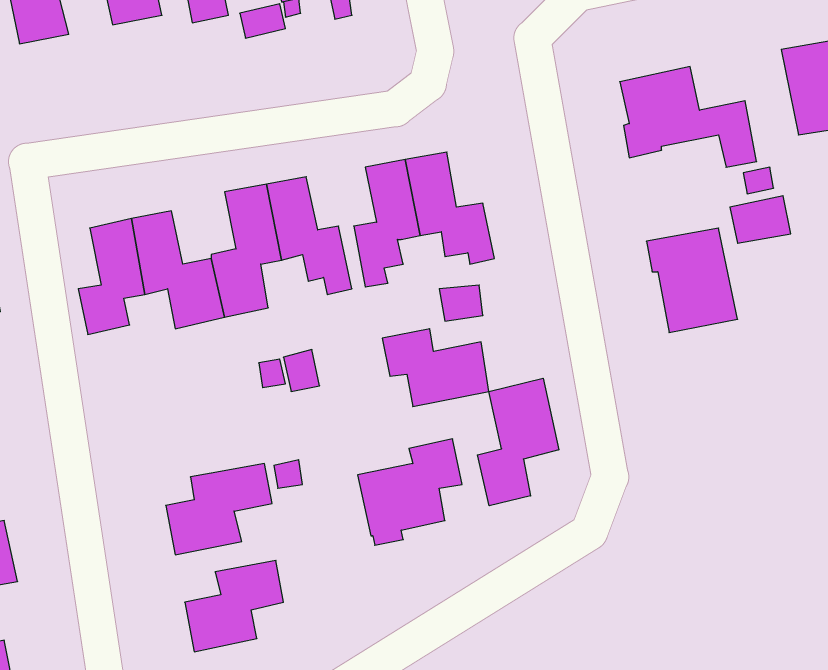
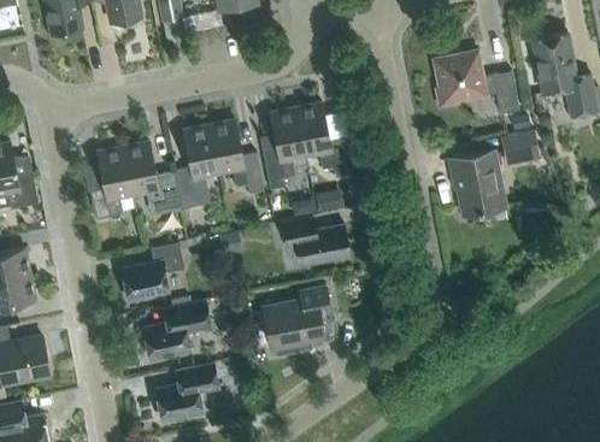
building: none -> [120,246,183,300]
building: [477,378,559,506] -> none

